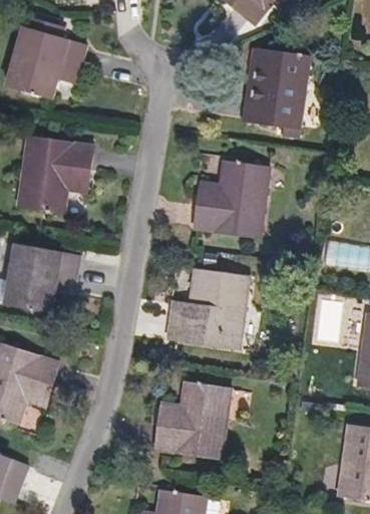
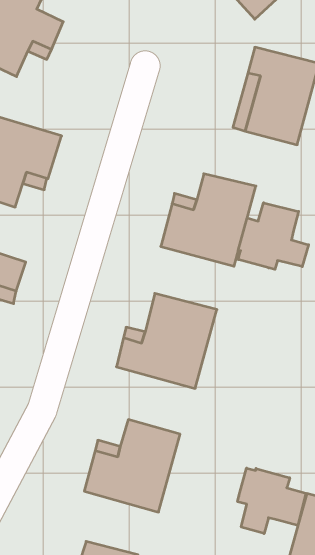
building: none -> [238,203,309,269]
building: none -> [238,468,306,534]

